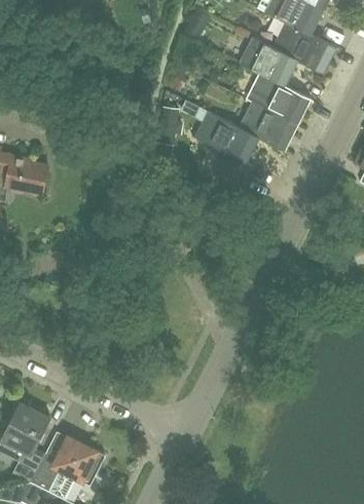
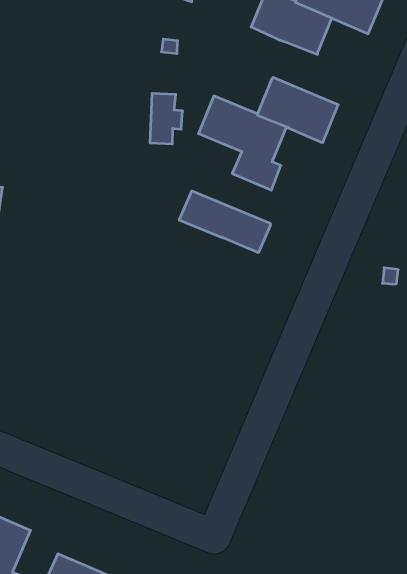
building: [246,74,311,124] -> none
building: none -> [179,191,270,253]

